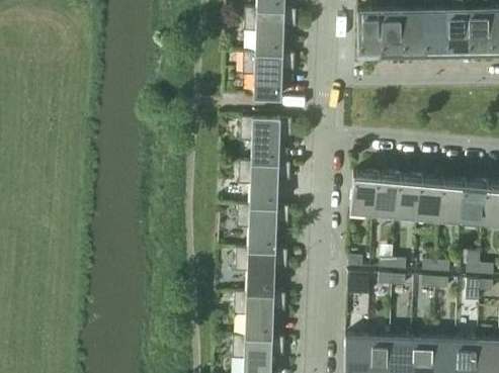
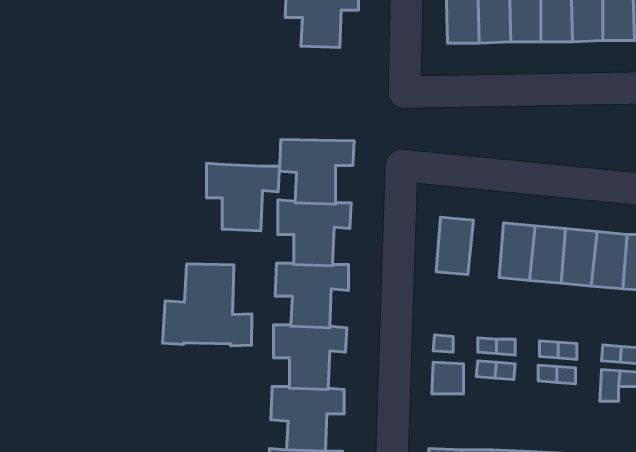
building: [243,52,295,99] -> [206,163,280,231]
building: [372,175,398,215] -> none
building: none -> [163,264,252,346]

